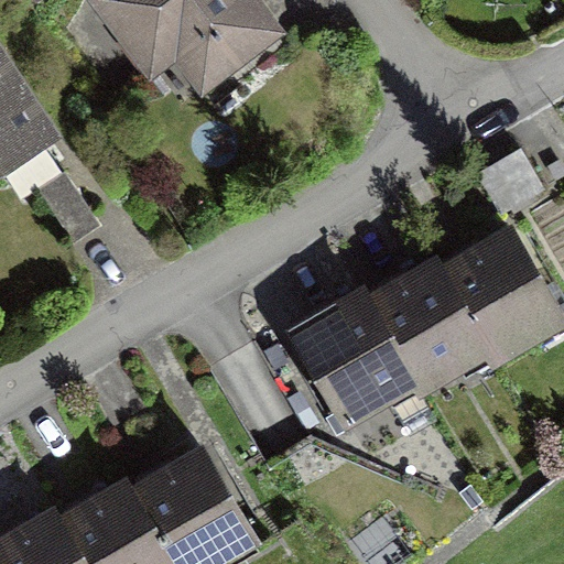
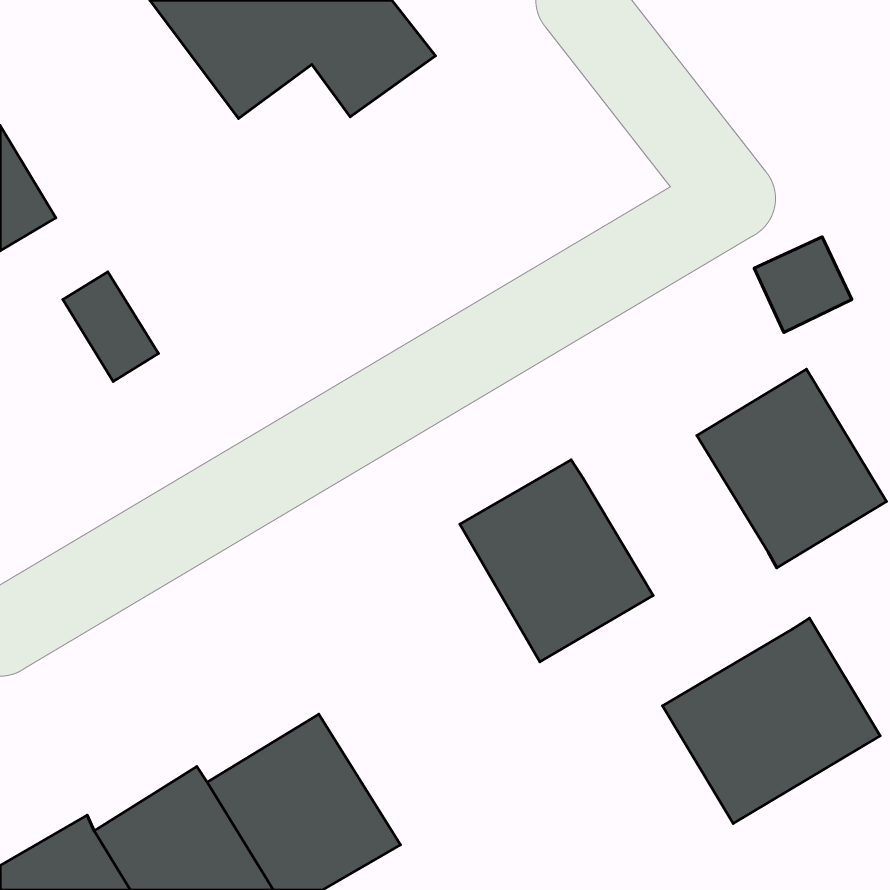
building: [369,264,486,389] -> none
building: none -> [663,618,880,824]

